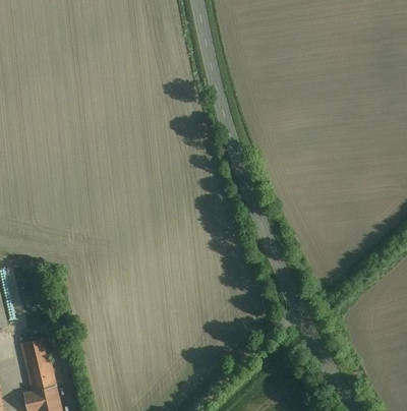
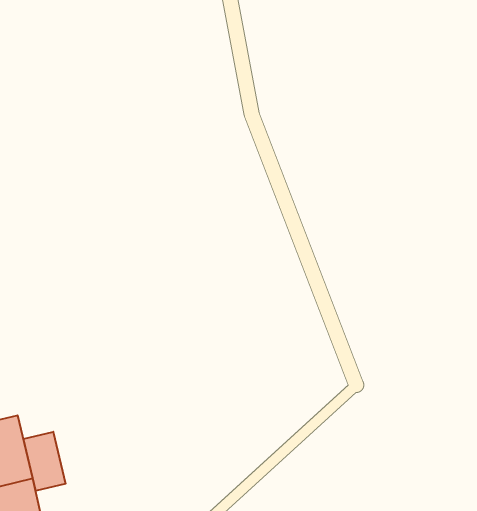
building: none -> [23,432,66,491]

